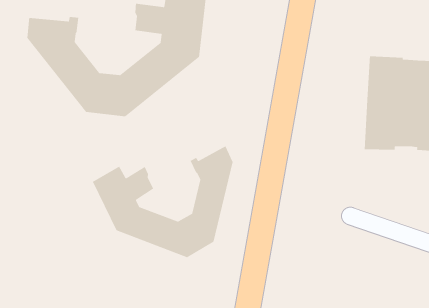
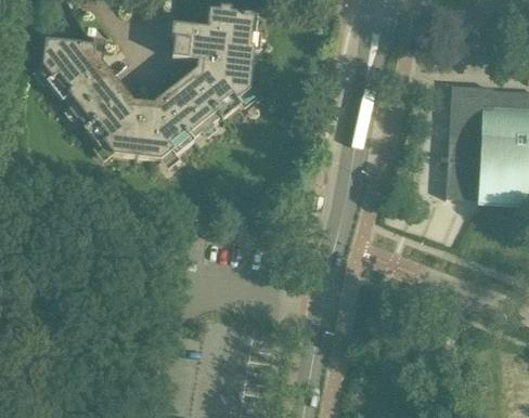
building: [92,145,233,258] -> none

